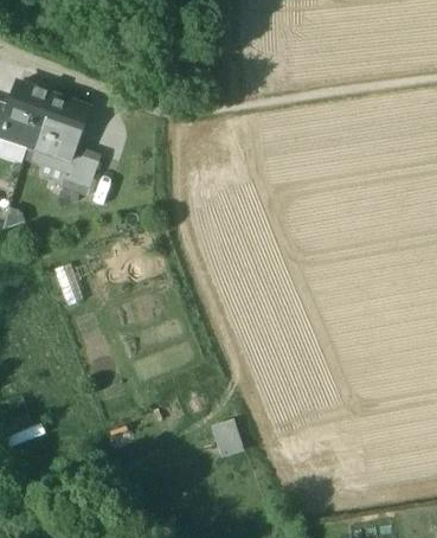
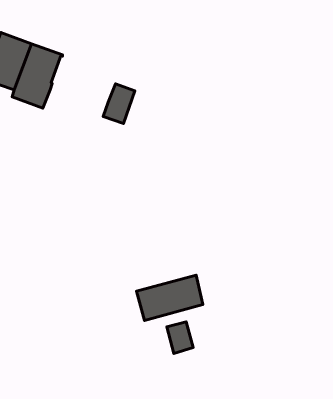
building: [62,148,98,194] -> [103,84,135,124]
building: none -> [137,275,203,321]

